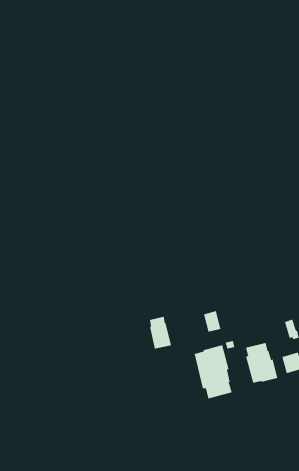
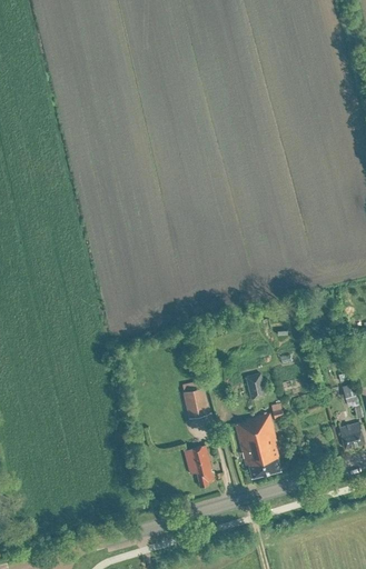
building: [245,342,278,383] -> none
building: none -> [184,446,215,487]

